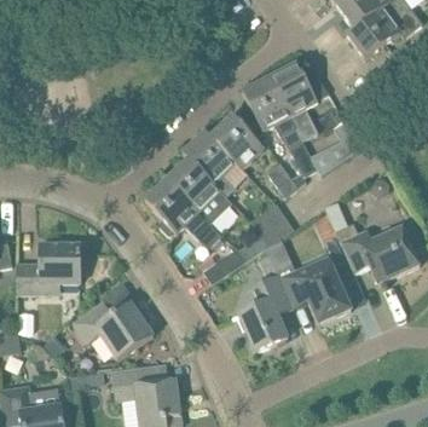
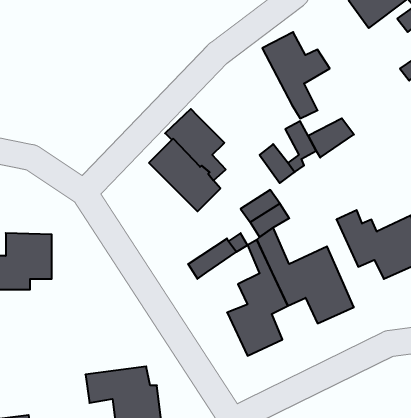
building: [241,76,295,135] -> none
building: [210,115,262,168] -> none
building: [144,179,221,248] -> none
building: [74,301,152,360] -> none

